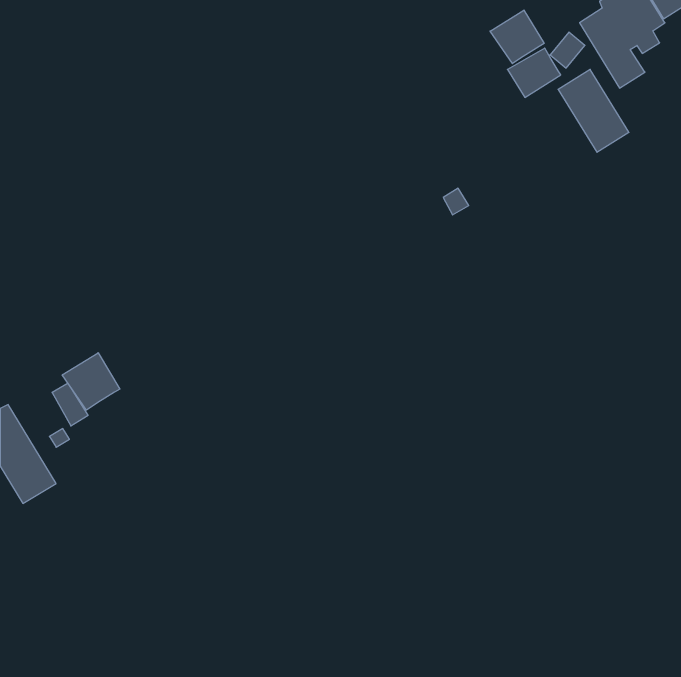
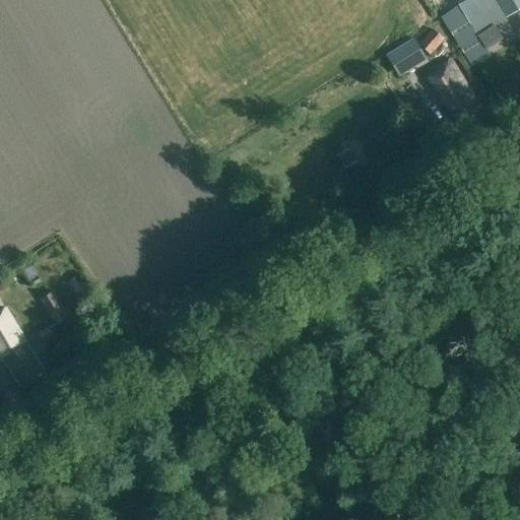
building: [490,10,544,64] -> none
building: [62,353,120,410] -> none

